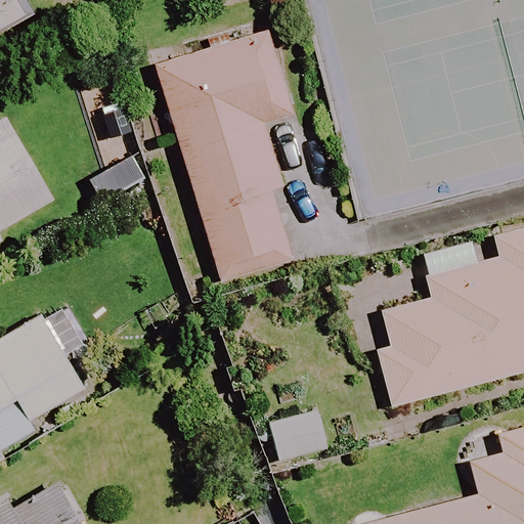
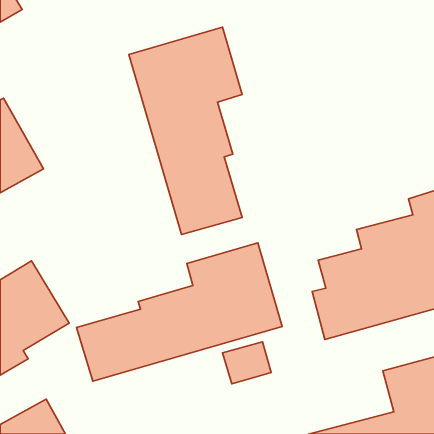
building: none -> [77,243,282,381]

